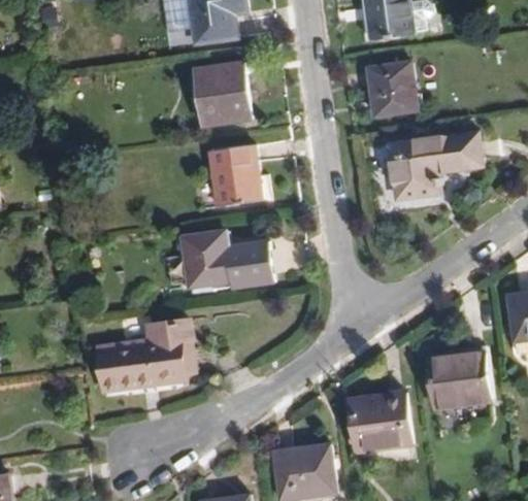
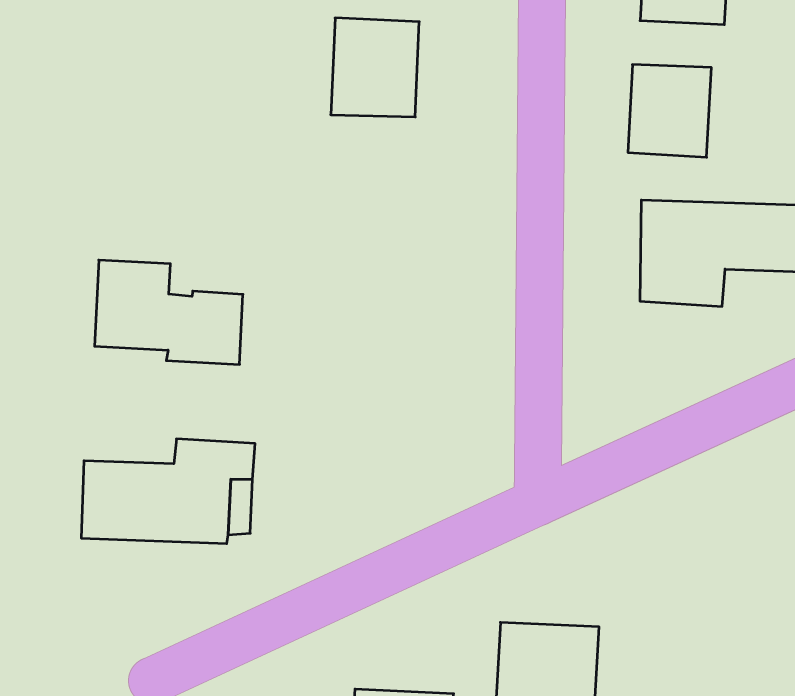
building: [207,145,261,205] -> none
building: [183,232,273,288] -> [95,260,243,364]
building: [427,350,489,407] -> none

